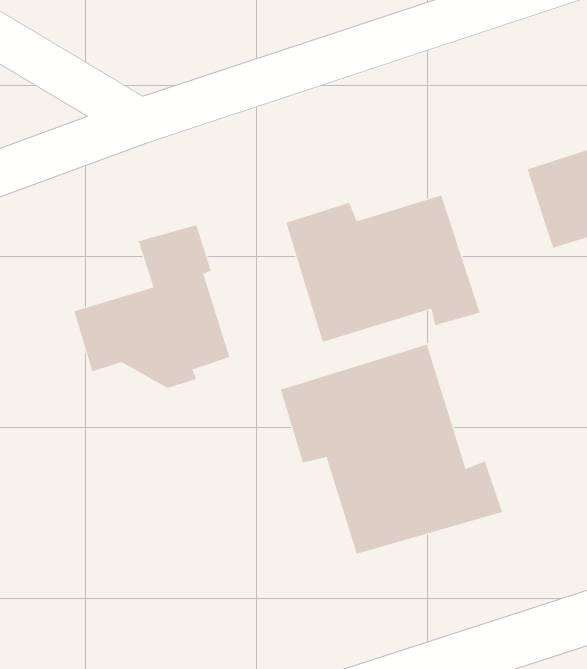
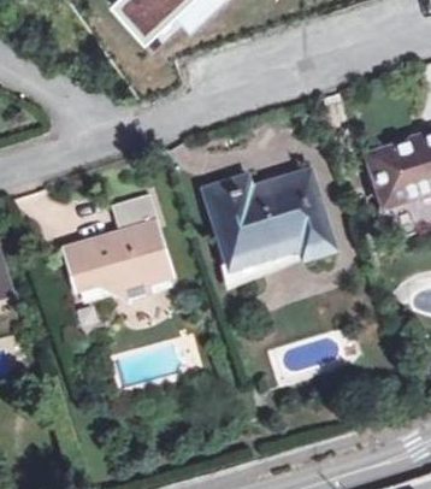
building: [280,344,503,555] -> none

